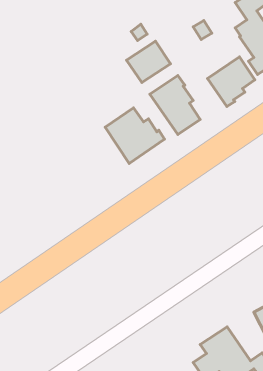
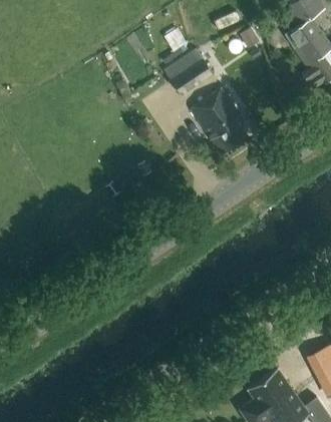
building: [208,57,255,106] -> none
building: [105,108,165,163] -> none

